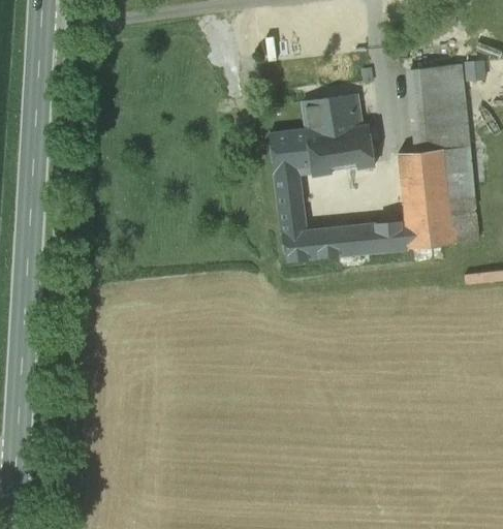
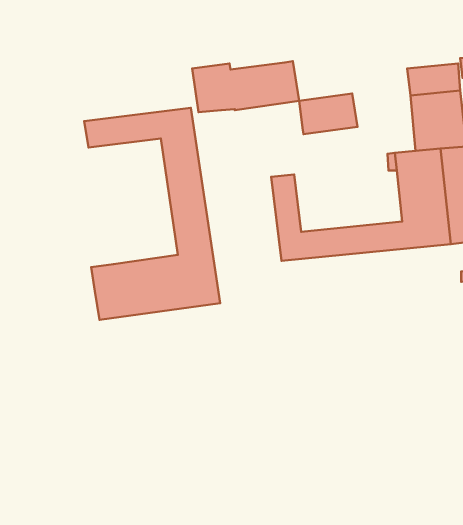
building: none -> [84,108,220,320]
building: [270,126,376,177] -> [192,61,299,112]

